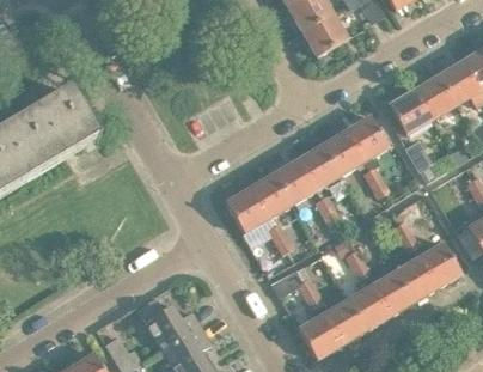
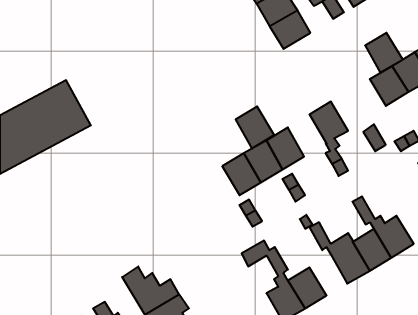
building: [389,90,430,134] -> [365,33,403,73]
building: [322,129,365,176] -> [236,106,274,148]
building: [225,187,268,233] -> none
building: [346,285,387,330] -> none

